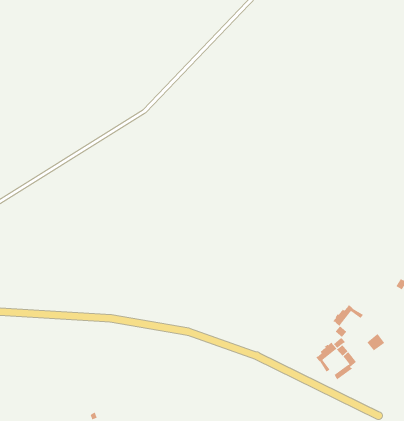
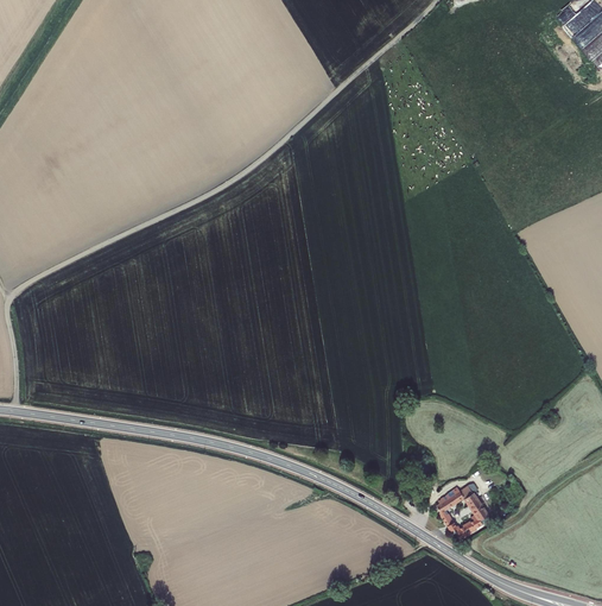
building: [332,304,364,338] -> none

